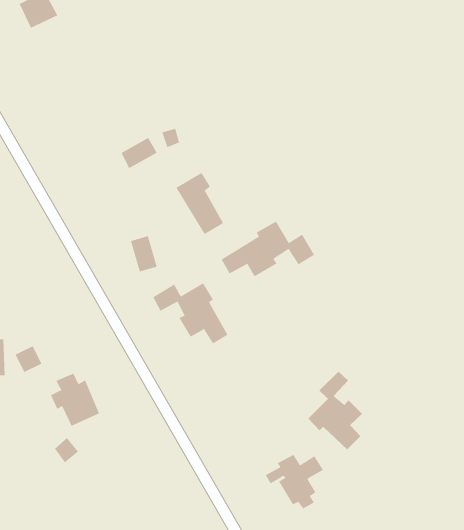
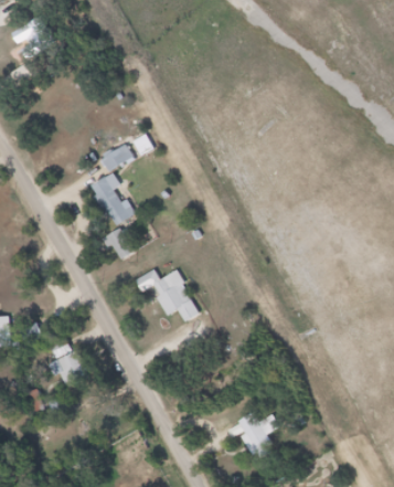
building: [175,172,224,235] -> [94,172,135,225]
building: [221,221,315,277] -> none
building: [307,371,363,450] -> none

